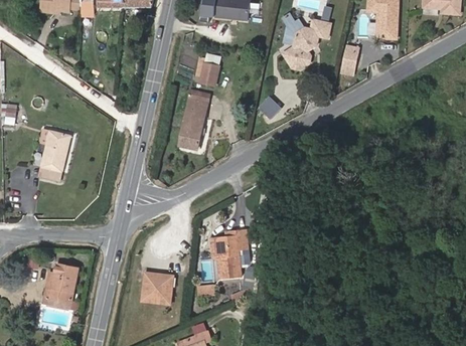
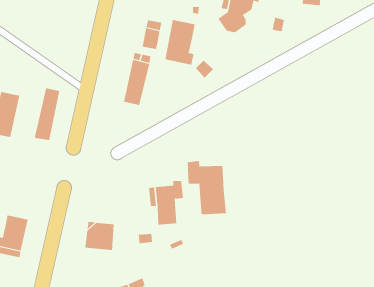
building: none -> [165,19,195,65]
building: none -> [34,87,60,141]
building: none -> [187,160,226,215]

